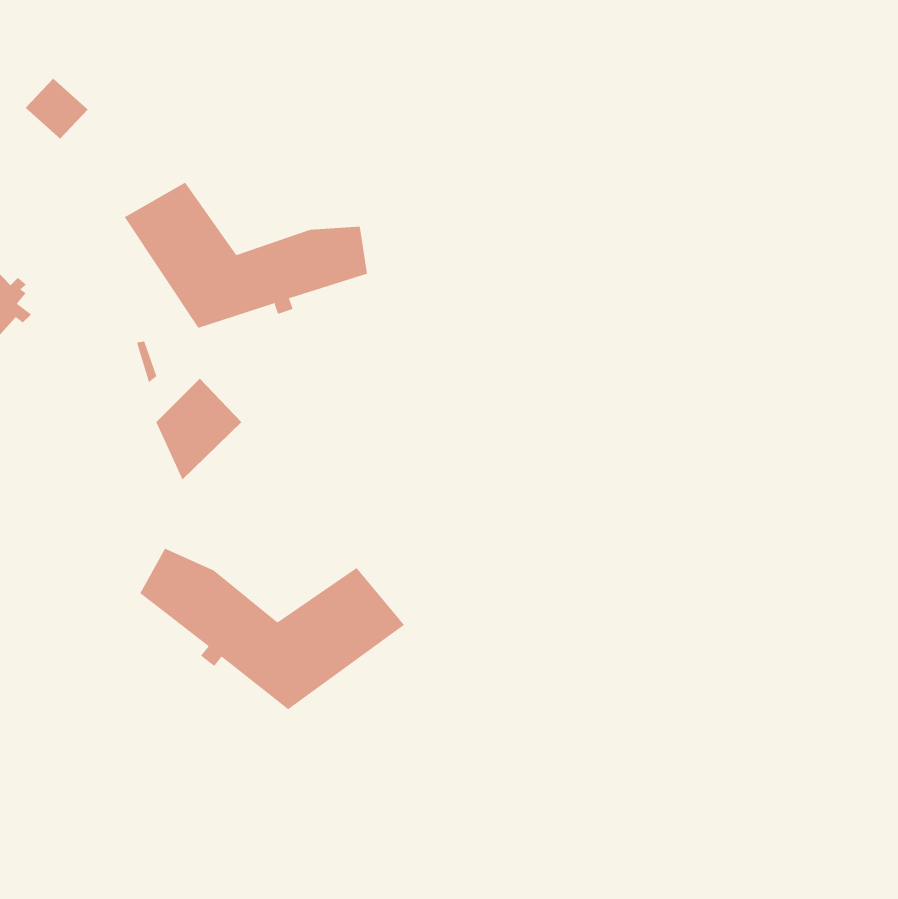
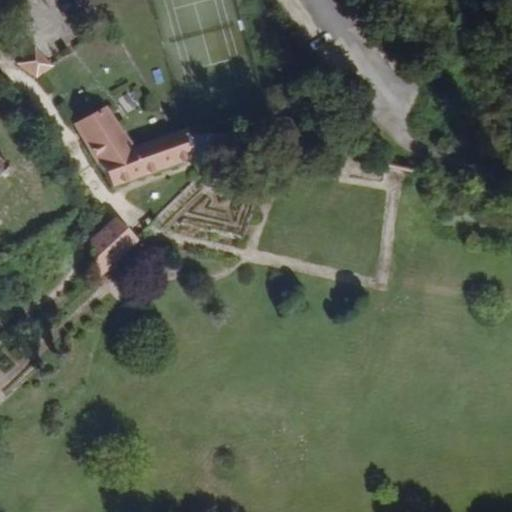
building: [139,548,405,710] -> none

